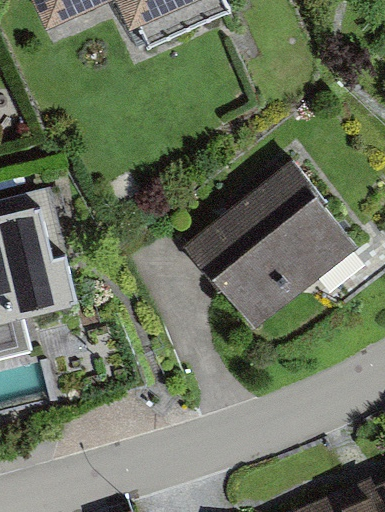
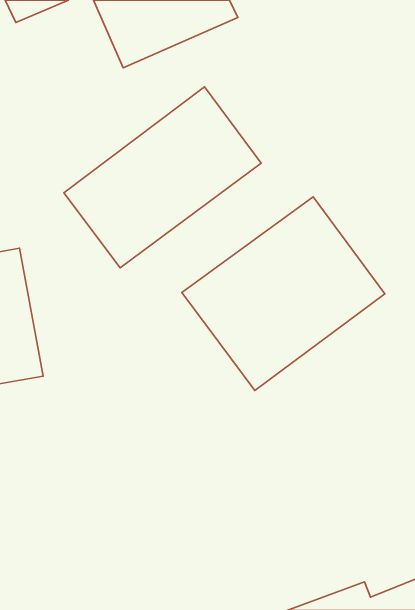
building: none -> [64,87,261,268]

